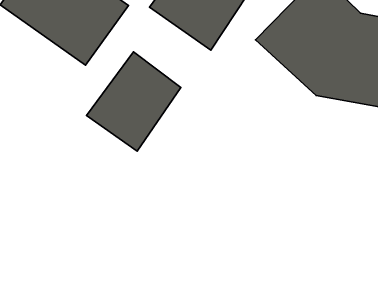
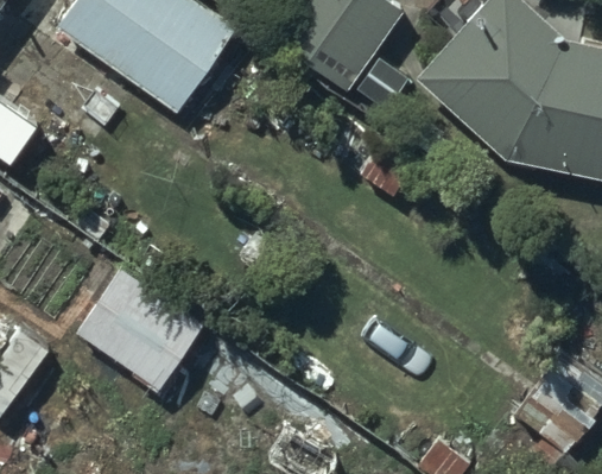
building: [87,52,181,151] -> none
building: none -> [74,271,203,396]

